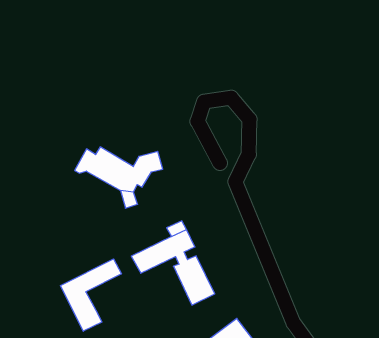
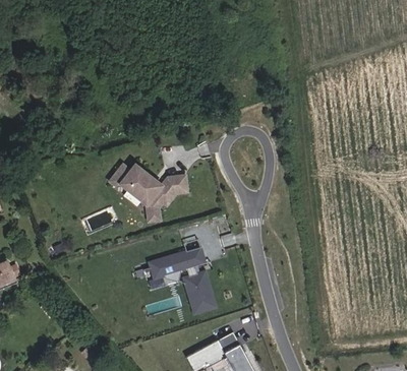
building: [61,259,121,331] -> none

